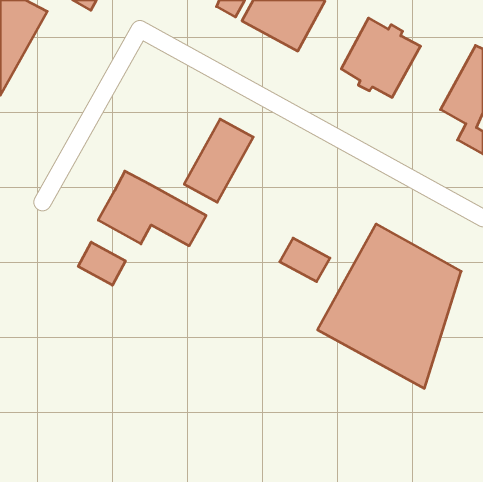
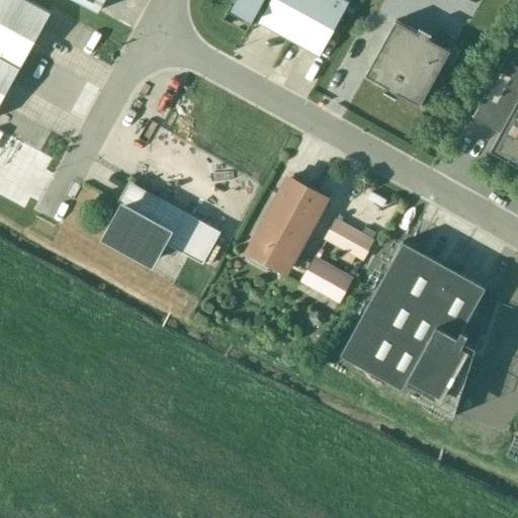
building: [184,119,253,202] -> [250,178,324,267]
building: none -> [325,220,373,258]
building: [78,242,125,285] -> none

